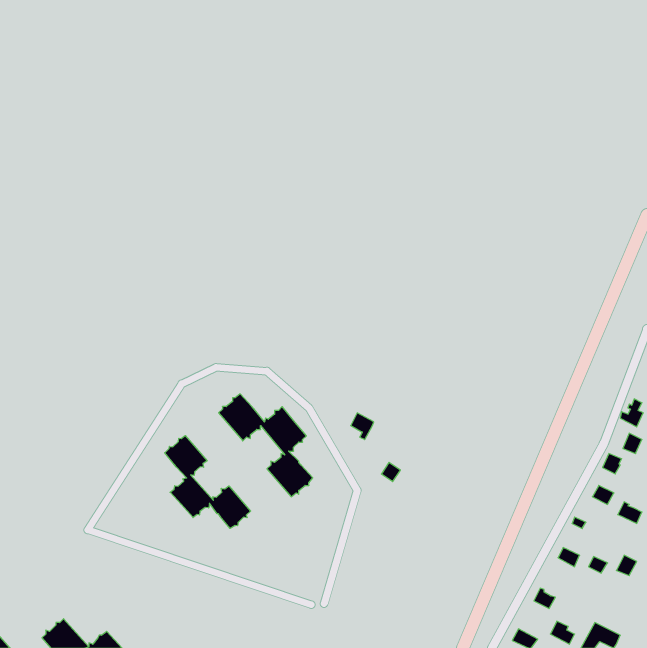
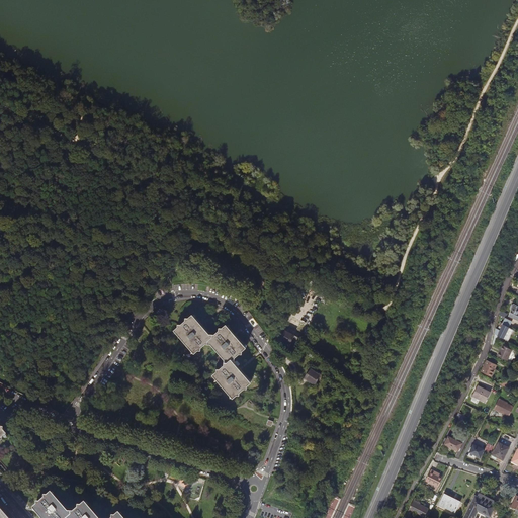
building: [165,436,251,528] -> none

